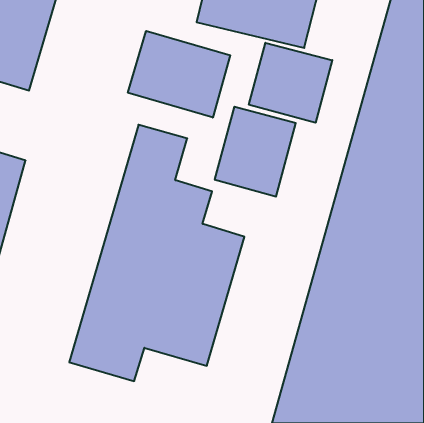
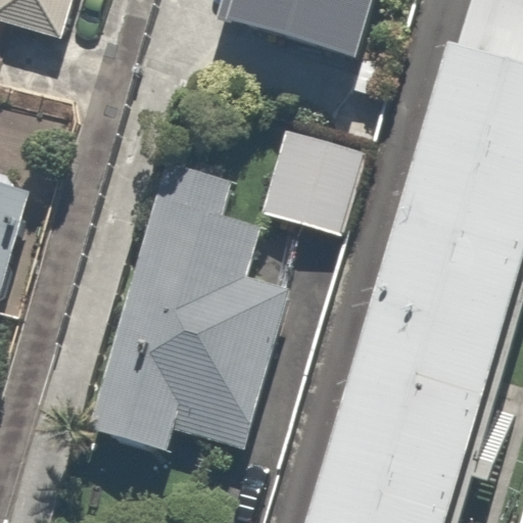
building: [128,31,230,118] -> none
building: [249,43,332,123] -> none

